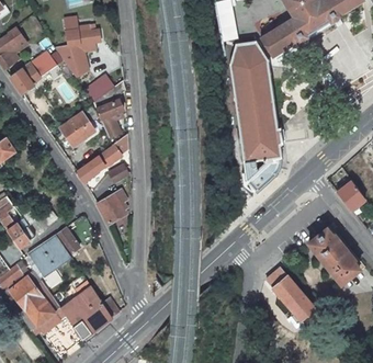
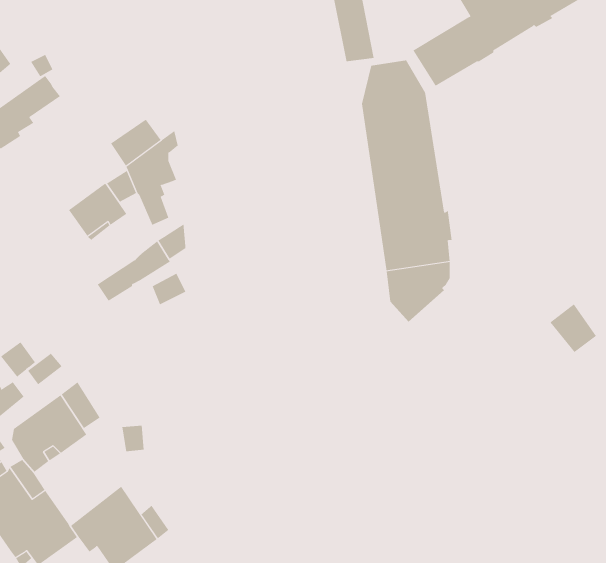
building: [56,25,104,79] -> none
building: [98,190,126,224] -> none
building: [308,226,363,284] -> none
building: [265,269,315,320] -> none

